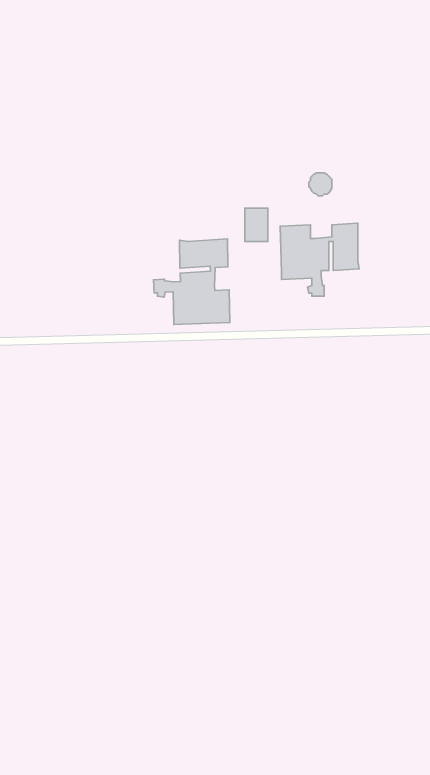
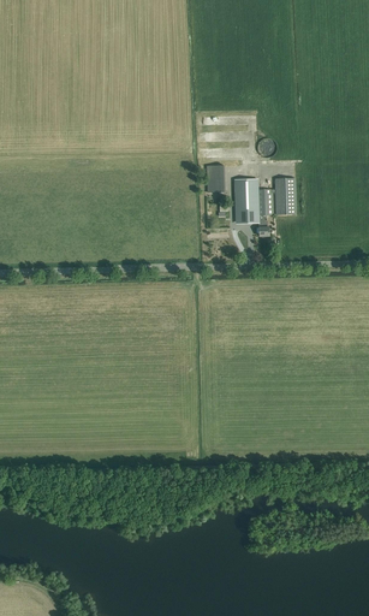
building: [153,239,230,325] -> none

